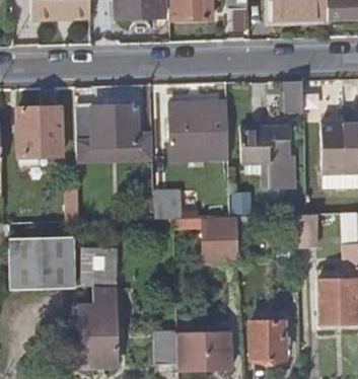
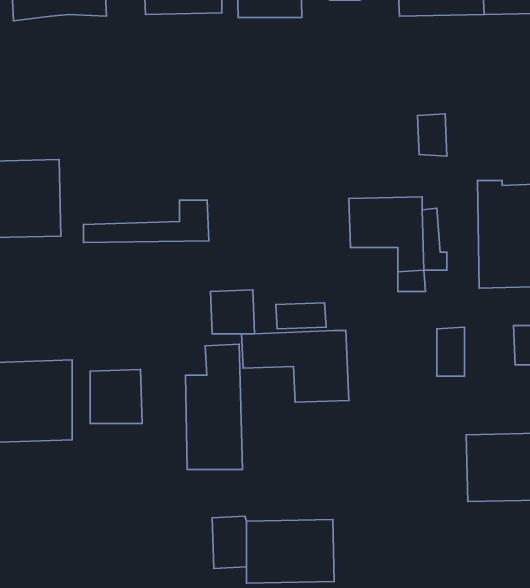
building: [169,101,230,156] -> none
building: [75,105,136,149] -> none
building: [81,287,117,365] -> [186,344,243,470]
building: [250,320,285,359] -> none

